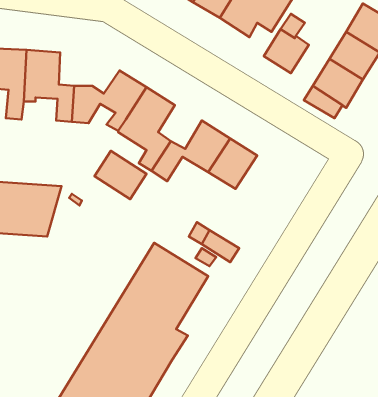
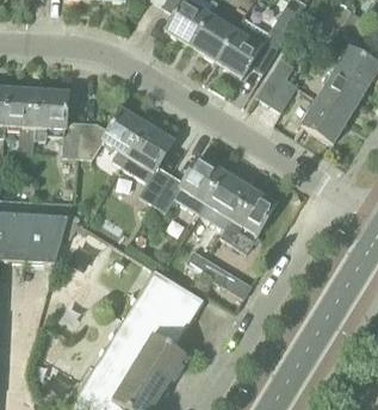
building: [95,151,147,199] -> none
building: none -> [218,186,277,242]

